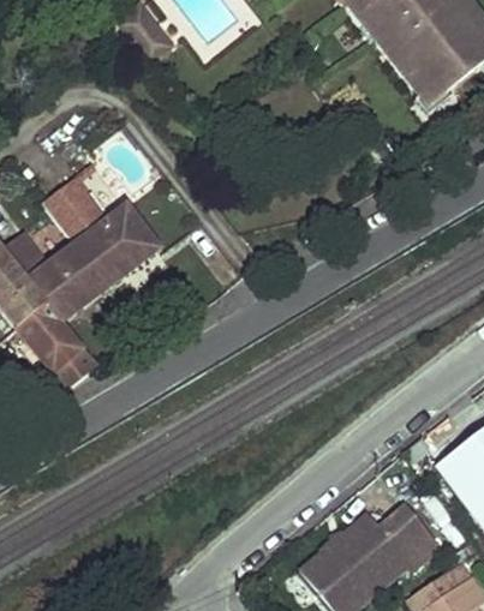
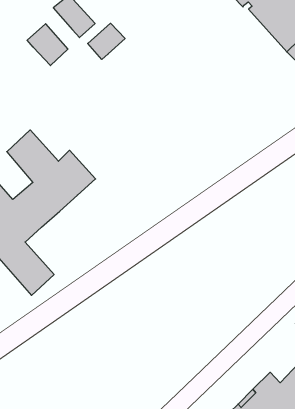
building: none -> [27,24,68,66]
building: none -> [88,23,125,59]

